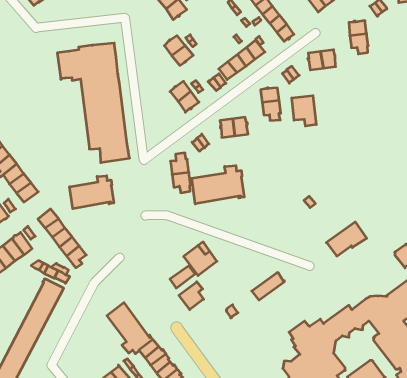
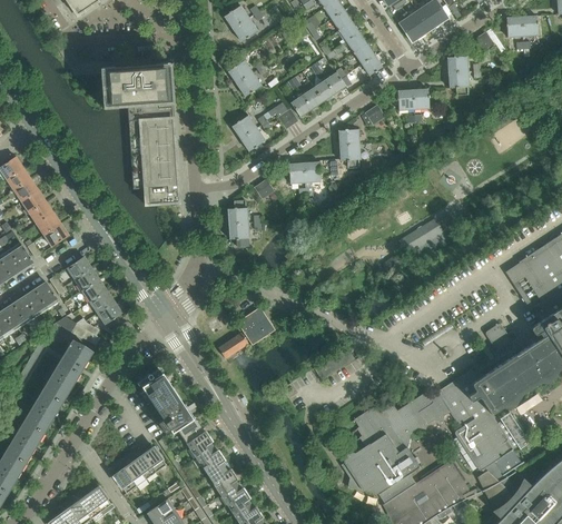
building: [292,96,316,126] -> none
building: [192,166,244,204] -> none
building: [70,176,114,209] -> none
building: [326,222,367,256] -> [398,218,446,257]
building: [179,282,204,310] -> none

